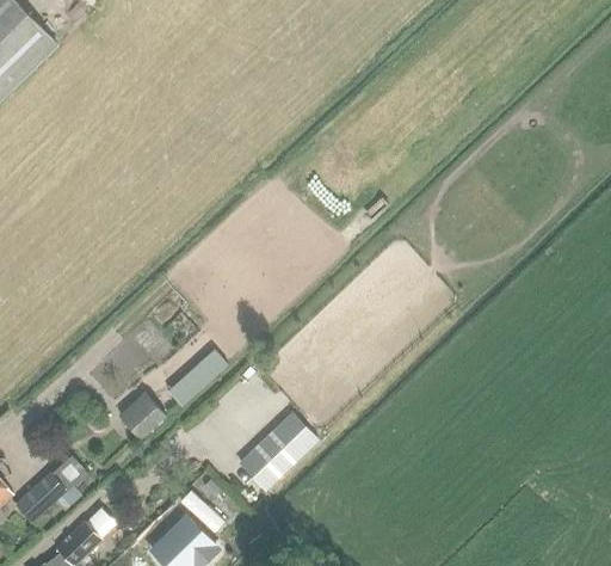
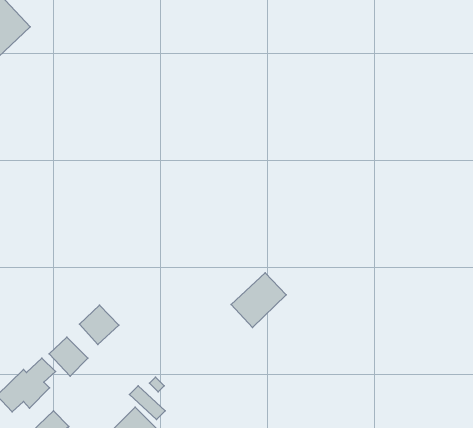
building: [168,347,227,402] -> none
building: [240,423,308,491] -> [231,273,286,328]
building: none -> [49,337,88,376]

